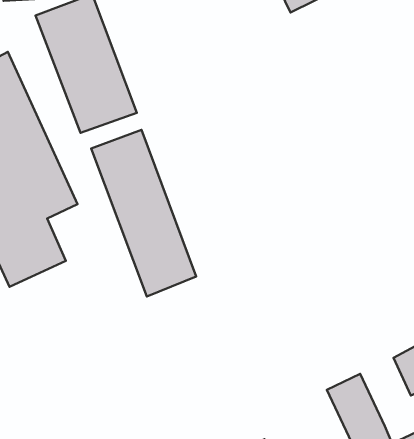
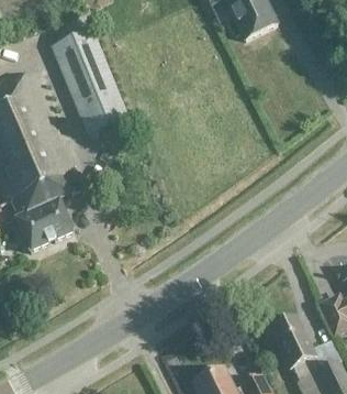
building: [91,130,196,296] -> none

